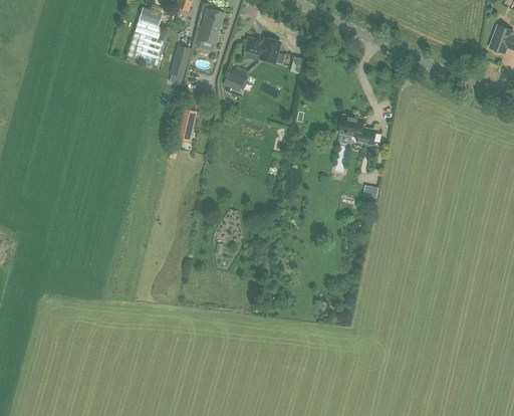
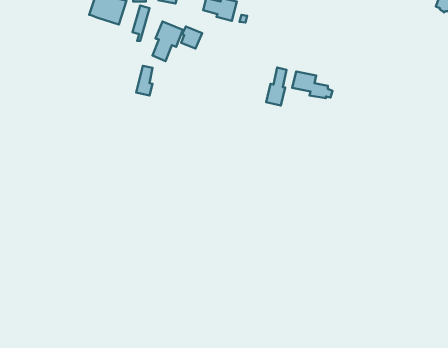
building: none -> [152,21,183,61]
building: none -> [266,68,287,106]

